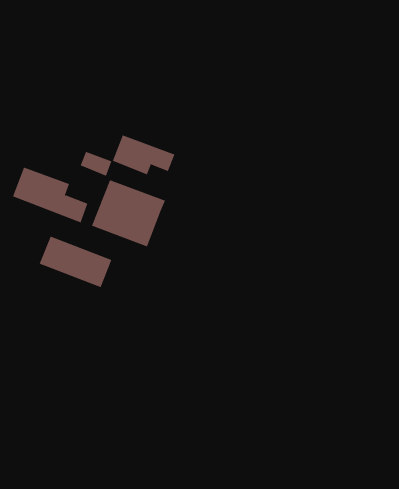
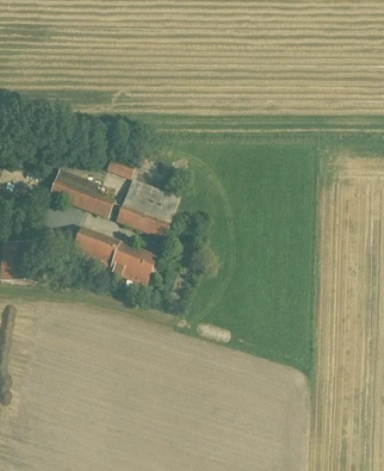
building: [112,134,175,175] -> none
building: none -> [123,249,156,286]

